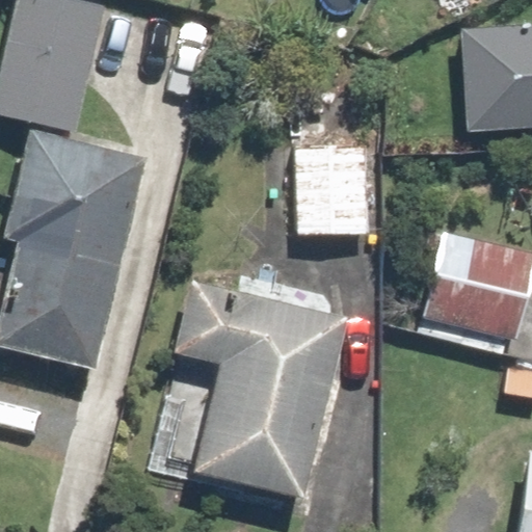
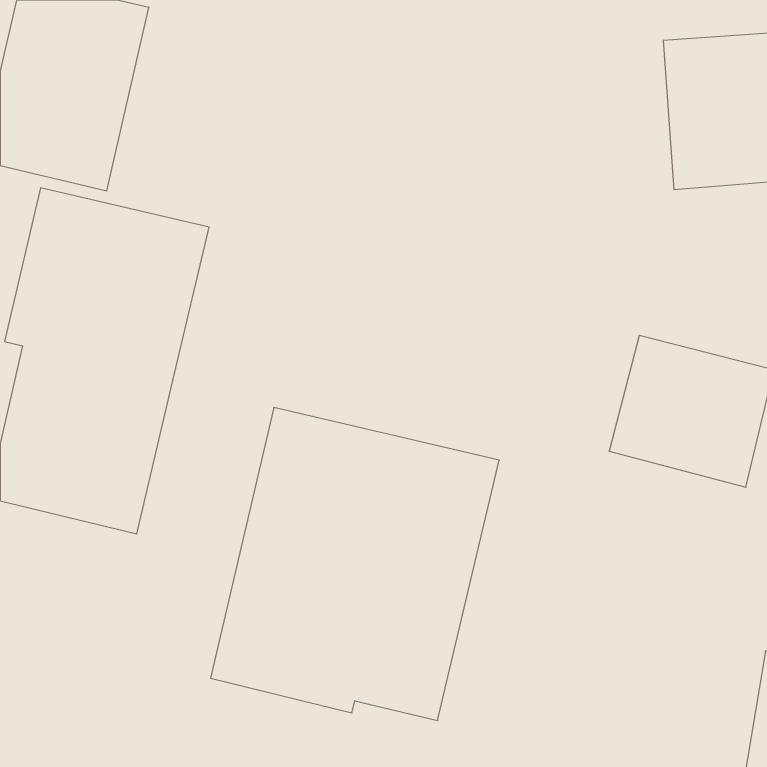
building: [293,147,367,234] -> none

